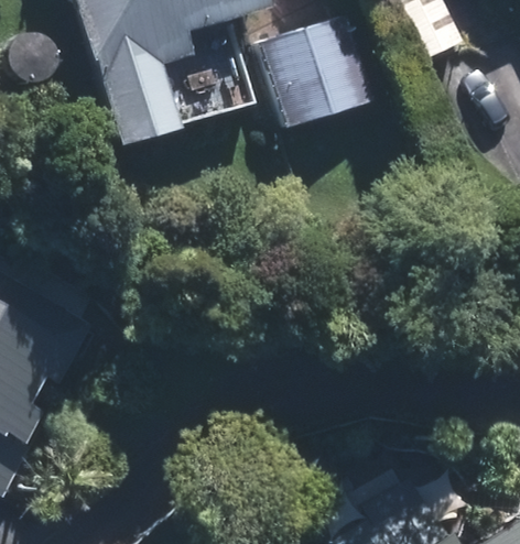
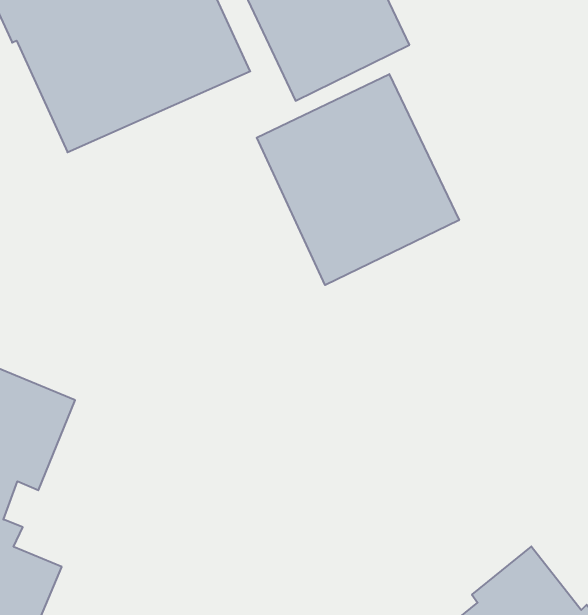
building: none -> [257,74,459,285]

